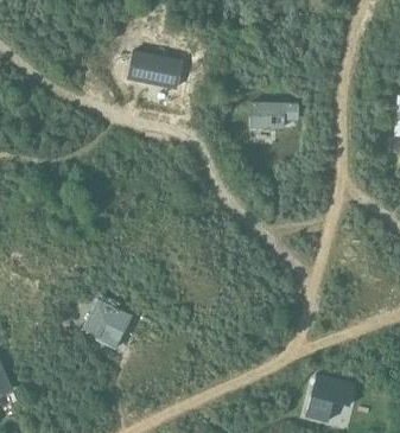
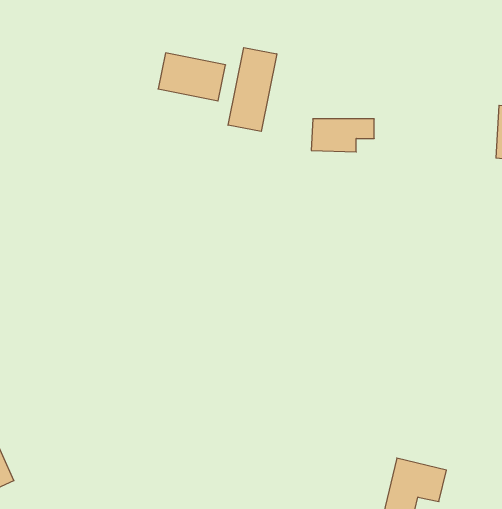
building: none -> [228,48,277,131]
building: [82,297,132,348] -> none

